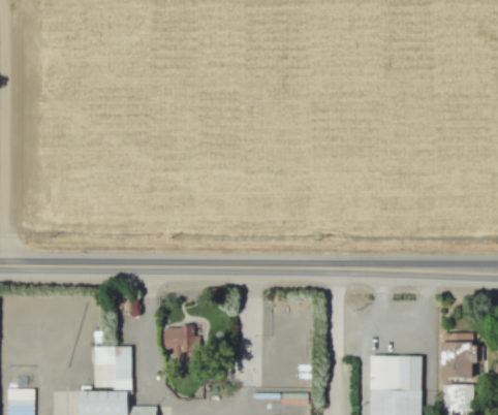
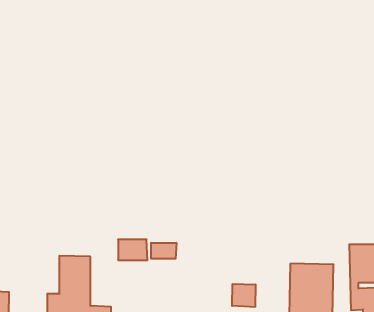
building: none -> [151,243,176,259]
building: none -> [232,284,256,307]

